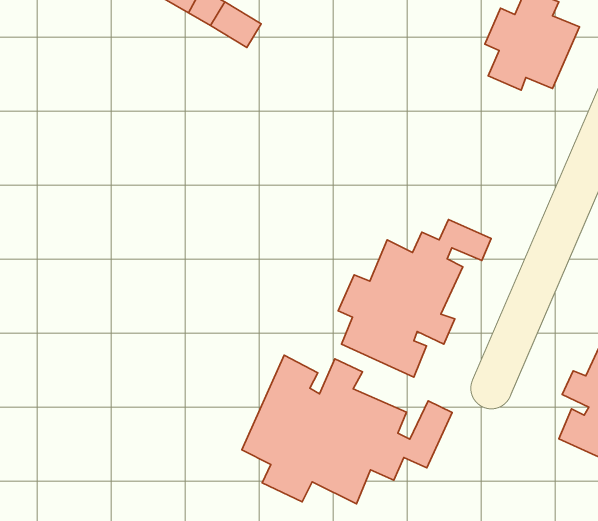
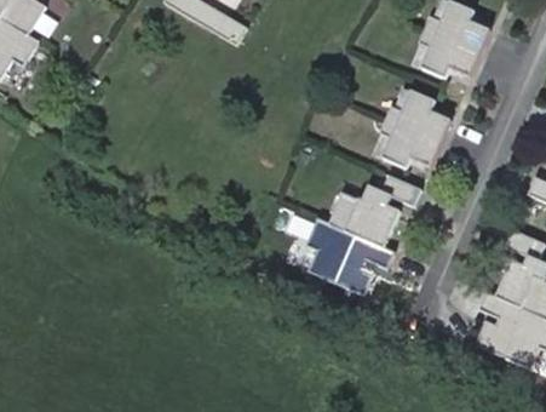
building: none -> [379,90,452,168]
building: [242,355,452,504] -> none

